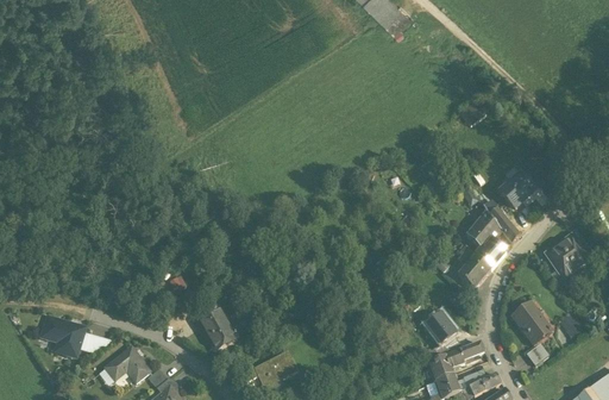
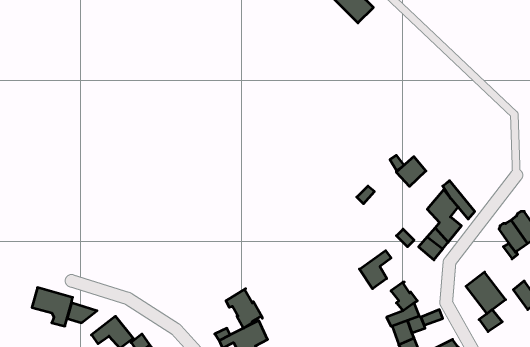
building: [500,175,532,207] -> [396,157,426,186]
building: none -> [359,251,391,289]
building: [195,308,234,351] -> [226,289,262,328]

